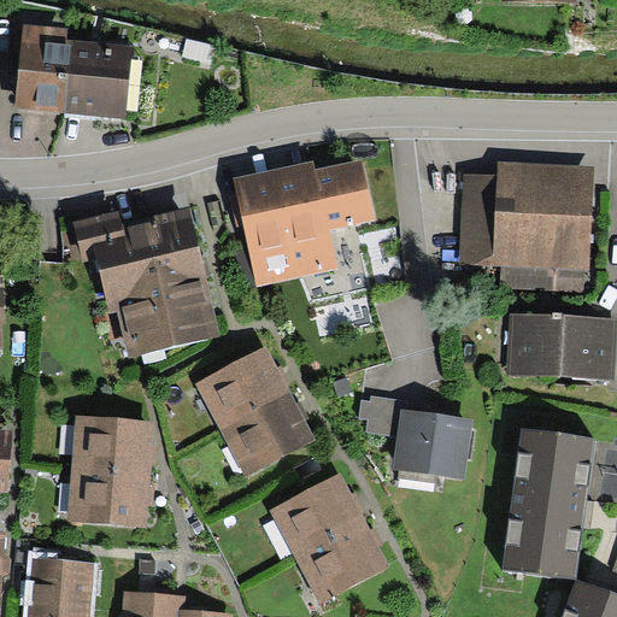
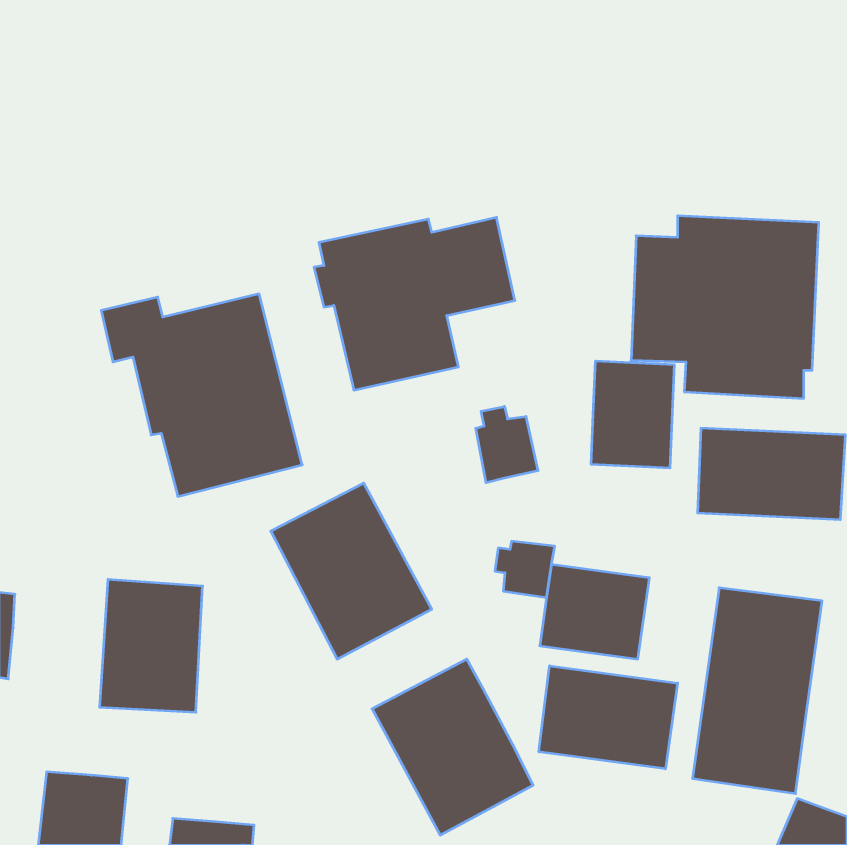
building: [16,31,129,121] -> none
building: none -> [591,361,674,468]
building: none -> [476,406,538,483]
building: none -> [539,666,678,769]

